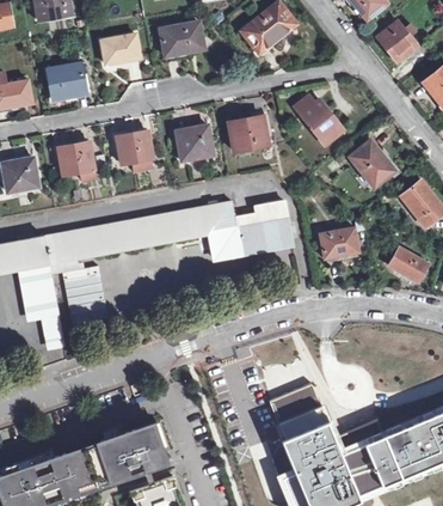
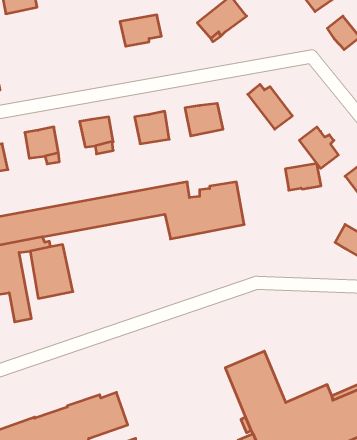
building: [99,33,139,65] -> none
building: [47,63,86,98] -> none
building: [320,228,358,257] -> [285,163,321,190]

